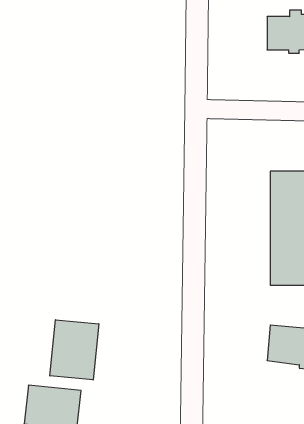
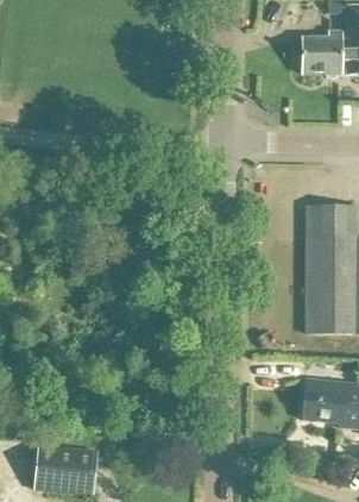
building: [50,320,99,380] -> none

